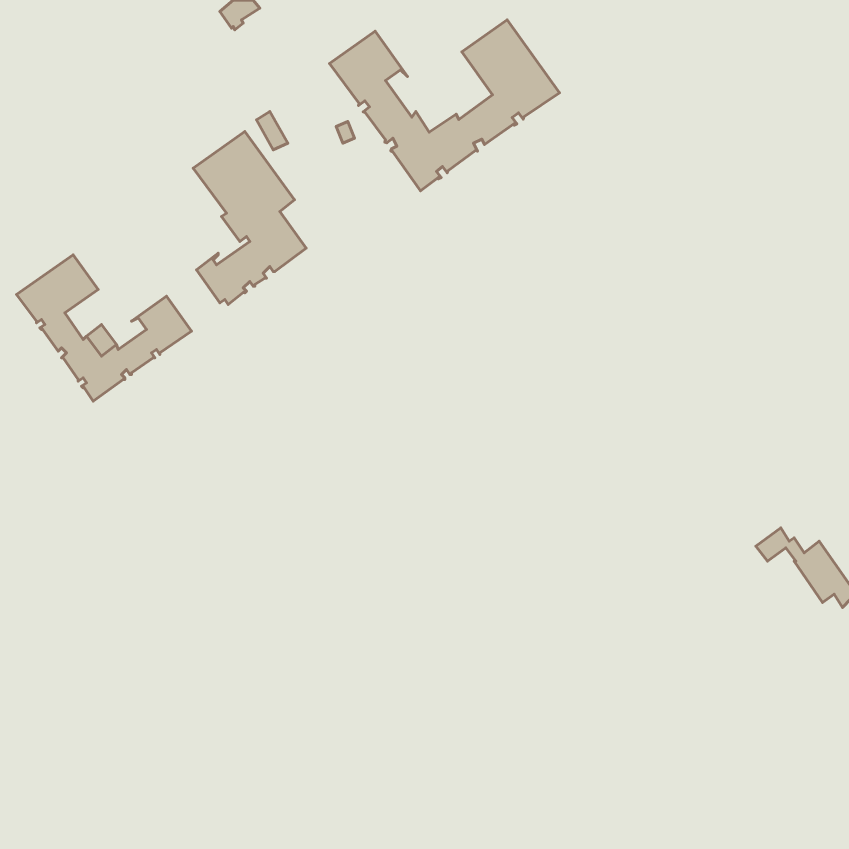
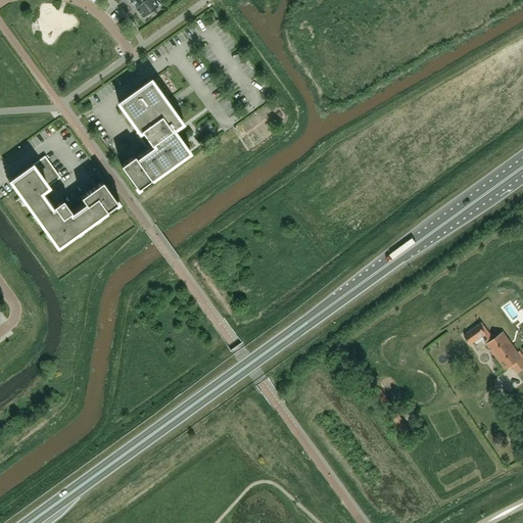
building: [330,20,560,191] -> none

